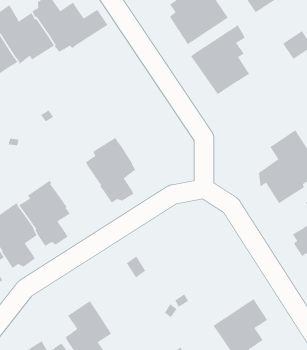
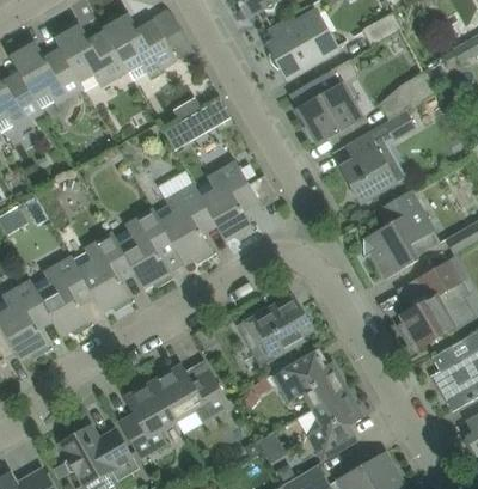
building: none -> [164,98,231,148]
building: none -> [339,110,417,202]
building: none -> [197,160,259,240]
building: none -> [115,208,177,288]
building: none -> [243,293,314,366]
building: none -> [274,353,349,410]
building: none -> [153,362,232,422]

